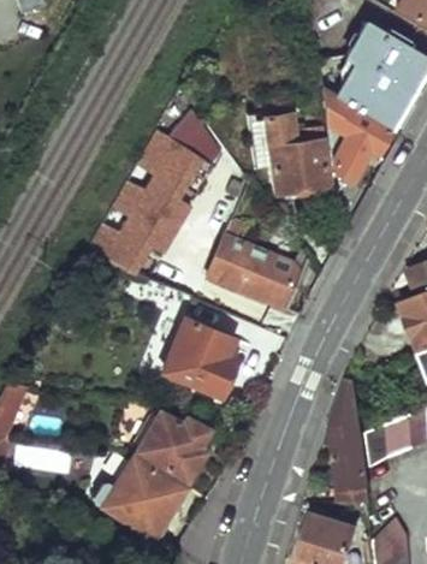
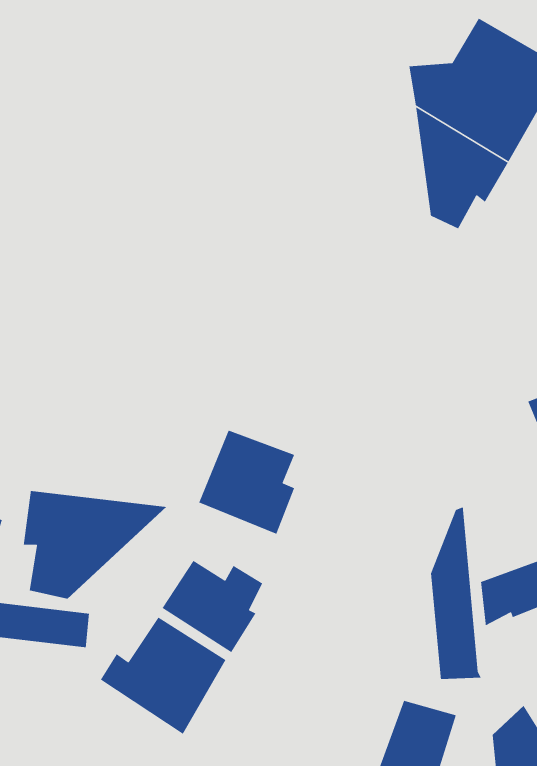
building: [88,102,220,279] -> none
building: [248,109,327,188] -> none
building: [208,224,300,309] -> none
building: none -> [23,490,168,600]

